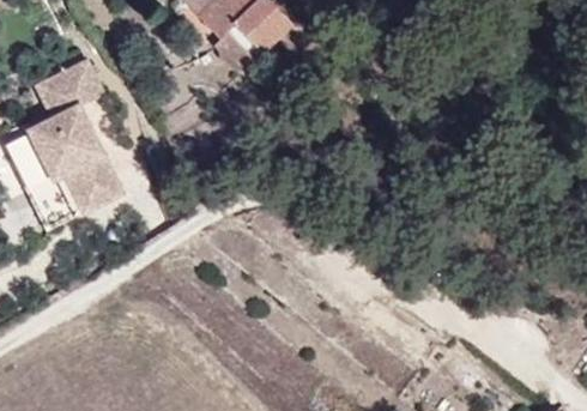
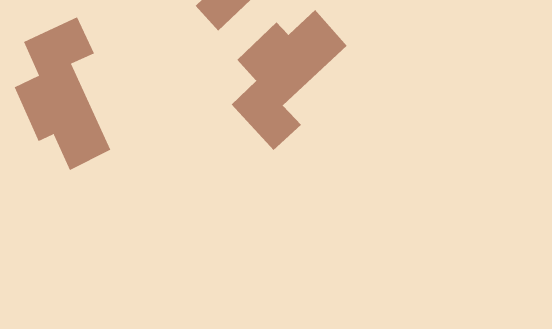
building: none -> [231,9,348,151]

